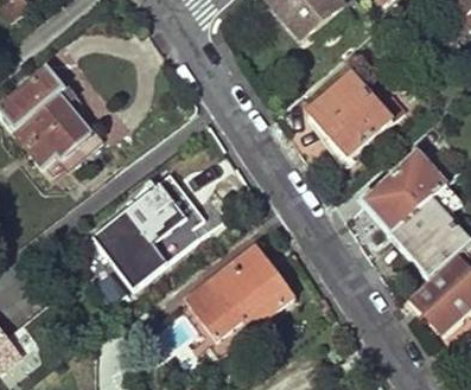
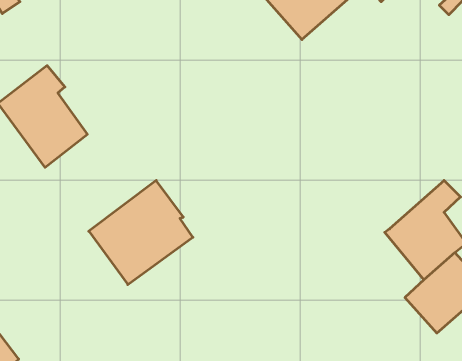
building: [310,73,394,159] -> none
building: [367,152,450,231] -> none
building: [187,244,294,340] -> none

